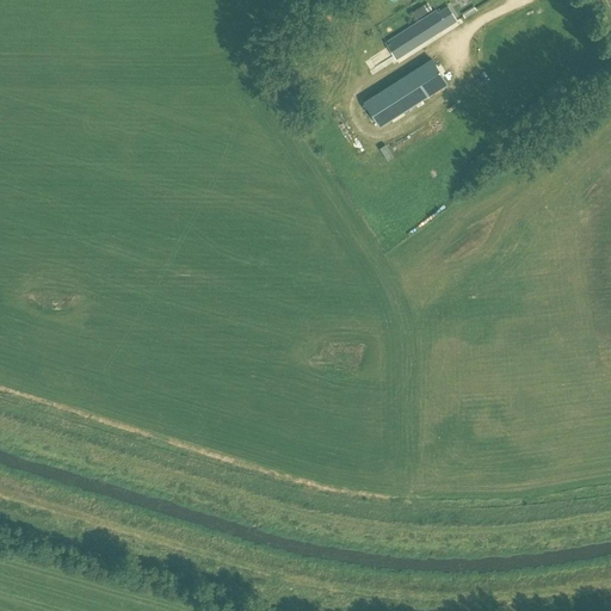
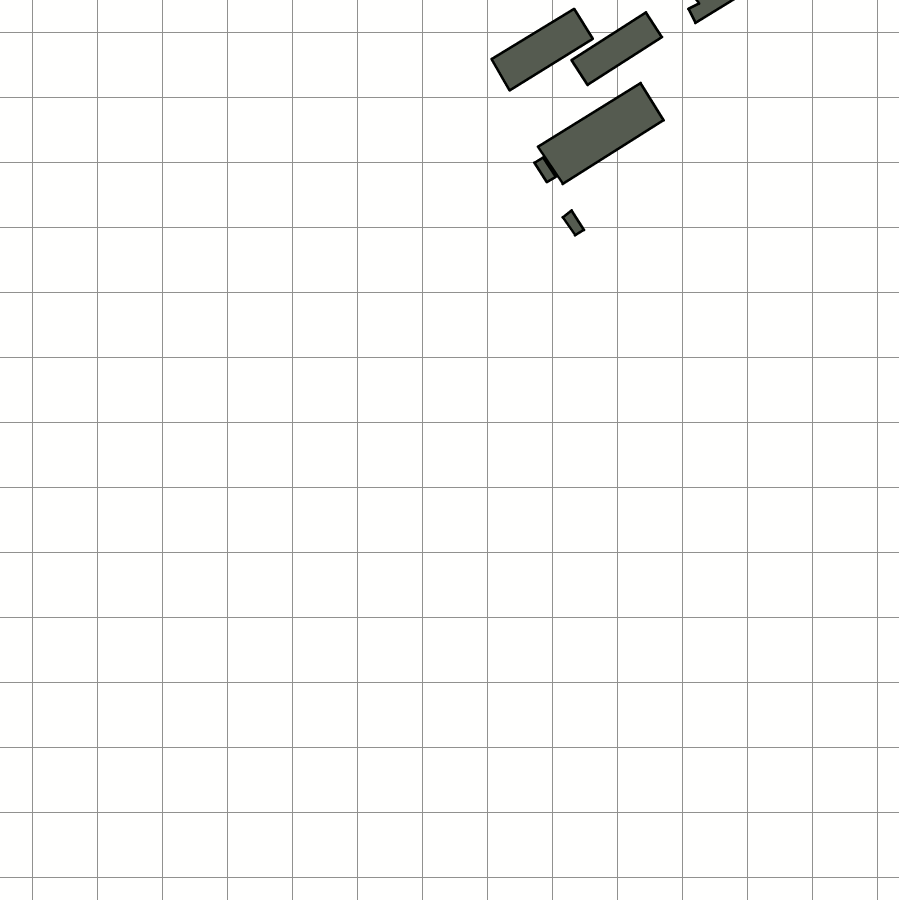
building: none -> [492,9,593,90]

